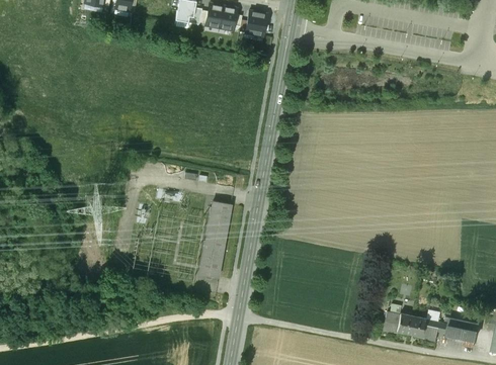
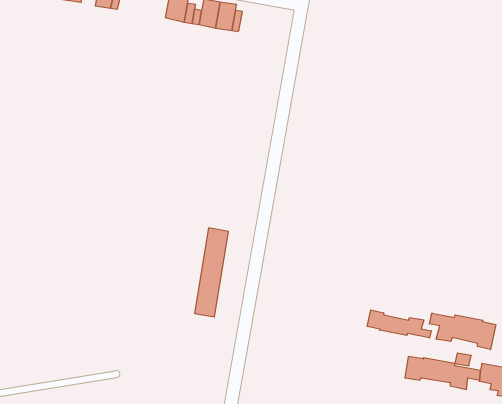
building: [244,11,267,36] -> none
building: none -> [367,310,431,338]
building: none -> [429,313,496,350]

